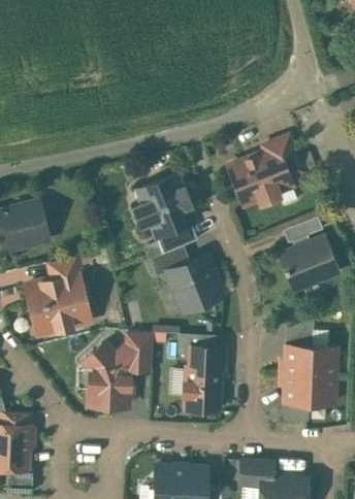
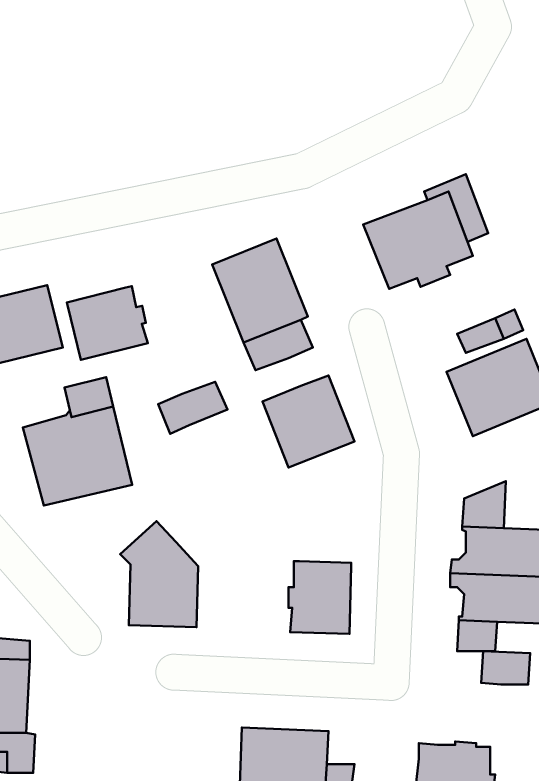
building: none -> [67,286,148,360]
building: [149,246,190,277] -> [158,382,227,434]
building: [116,332,153,370] -> none
building: [189,347,224,370] -> none
building: none -> [481,651,530,685]
building: [239,460,272,485] -> none

